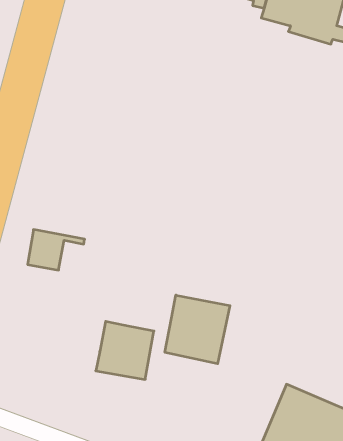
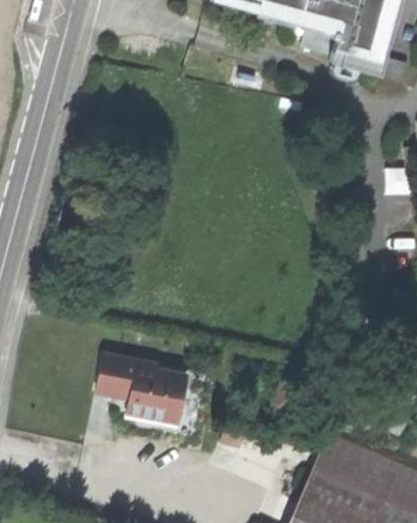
building: [28,230,85,270] -> [99,354,159,397]
building: [165,295,230,364] -> none

